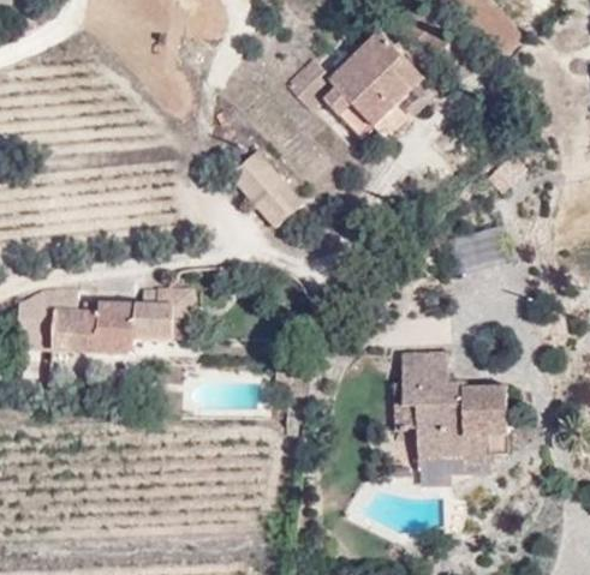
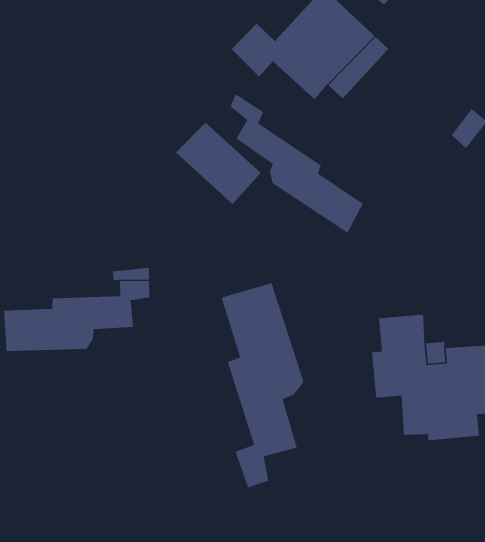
building: none -> [230,93,364,234]
building: none -> [221,282,304,488]

